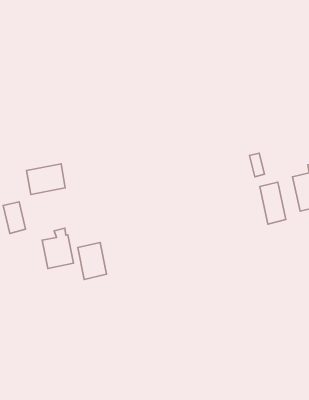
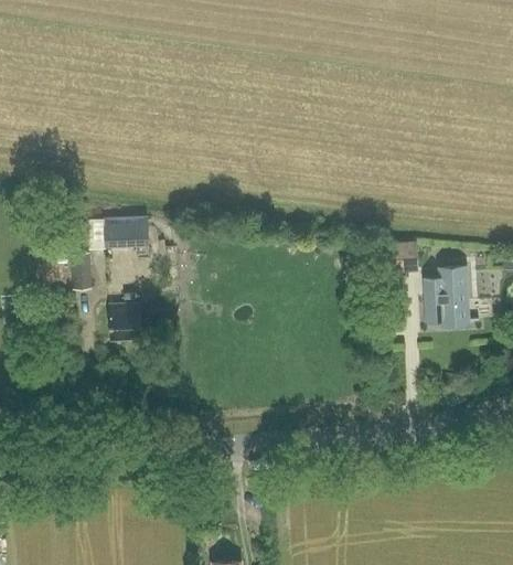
building: [260,182,286,224] -> none
building: [78,242,107,279] -> none

